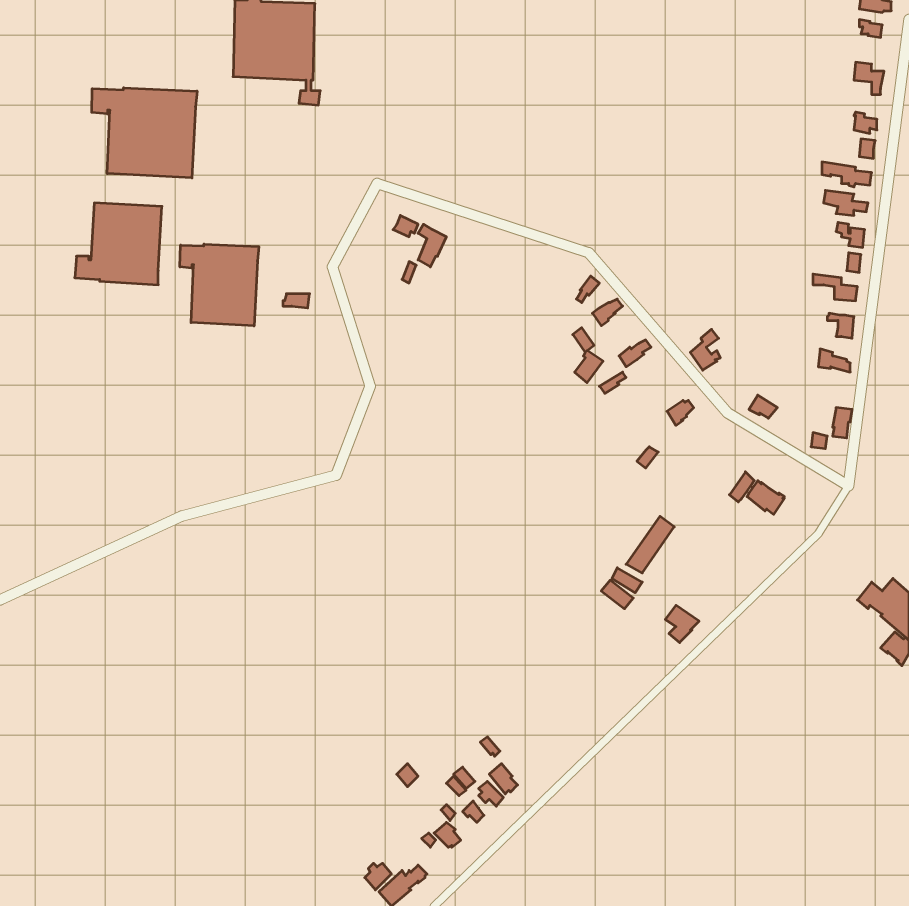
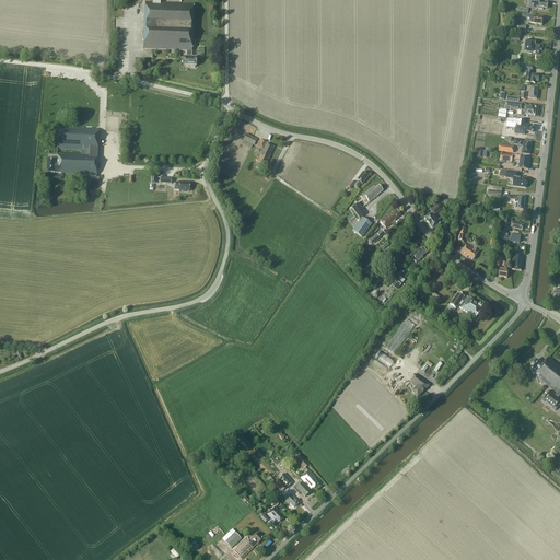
building: [92,88,197,178] -> none
building: [180,244,259,326] -> none

